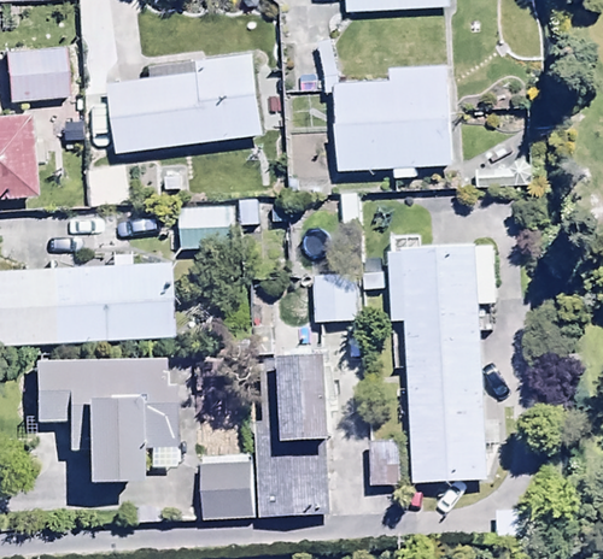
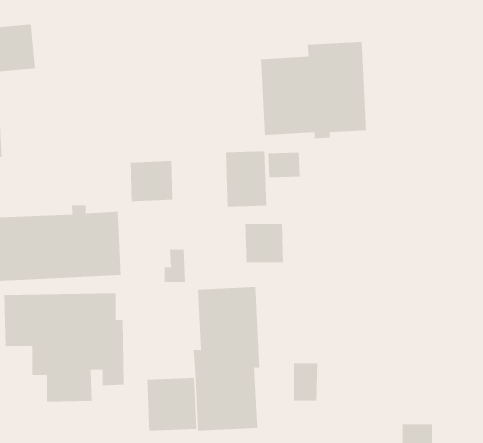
building: [107,53,262,154] -> none
building: none -> [225,150,267,208]
building: [387,235,496,484] -> none

